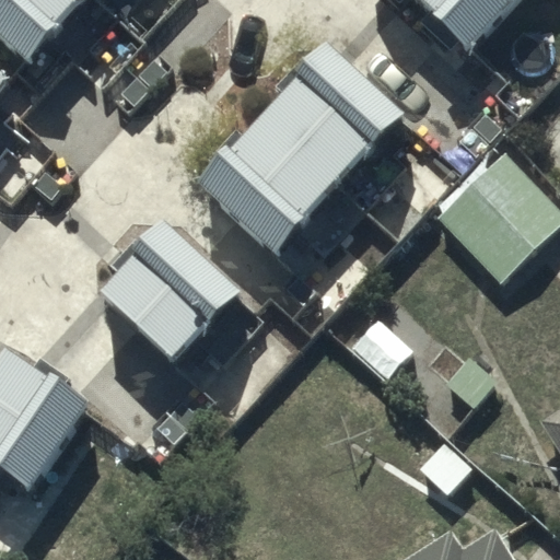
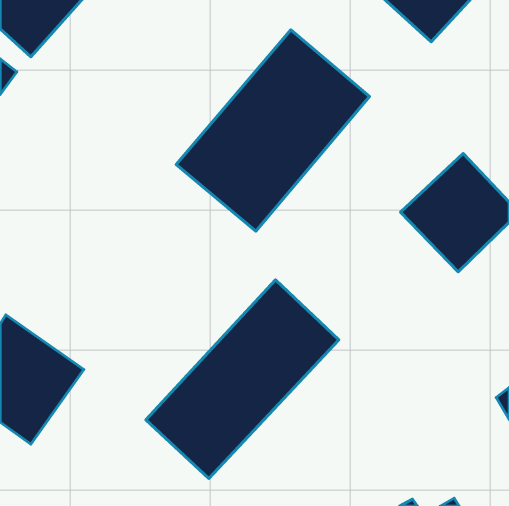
building: [97,221,238,361] -> none
building: none -> [146,280,339,479]

